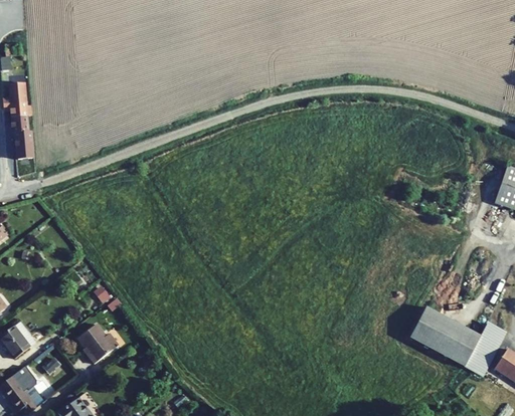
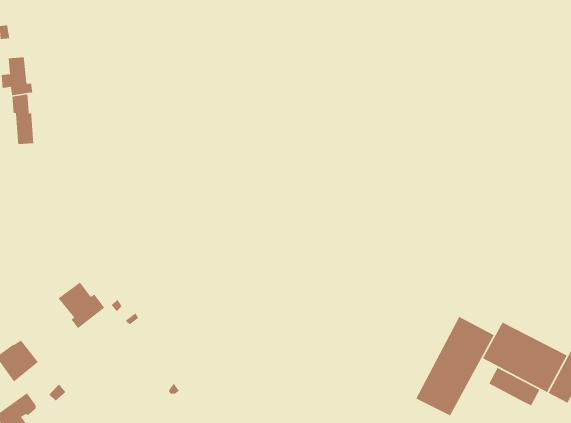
building: none -> [415,316,495,416]
building: [78,324,119,364] -> [58,282,105,329]
building: none -> [488,367,540,407]

